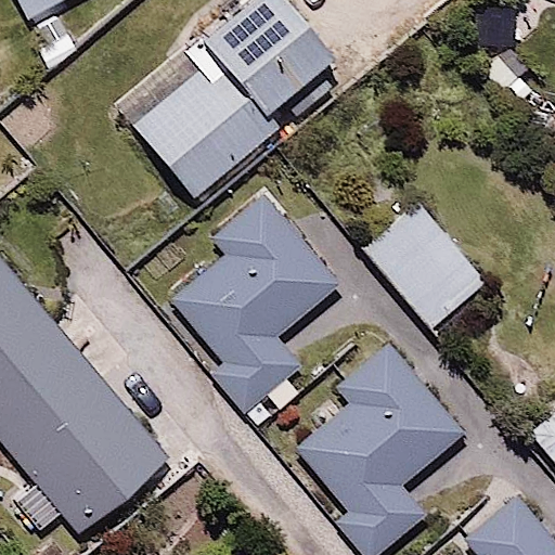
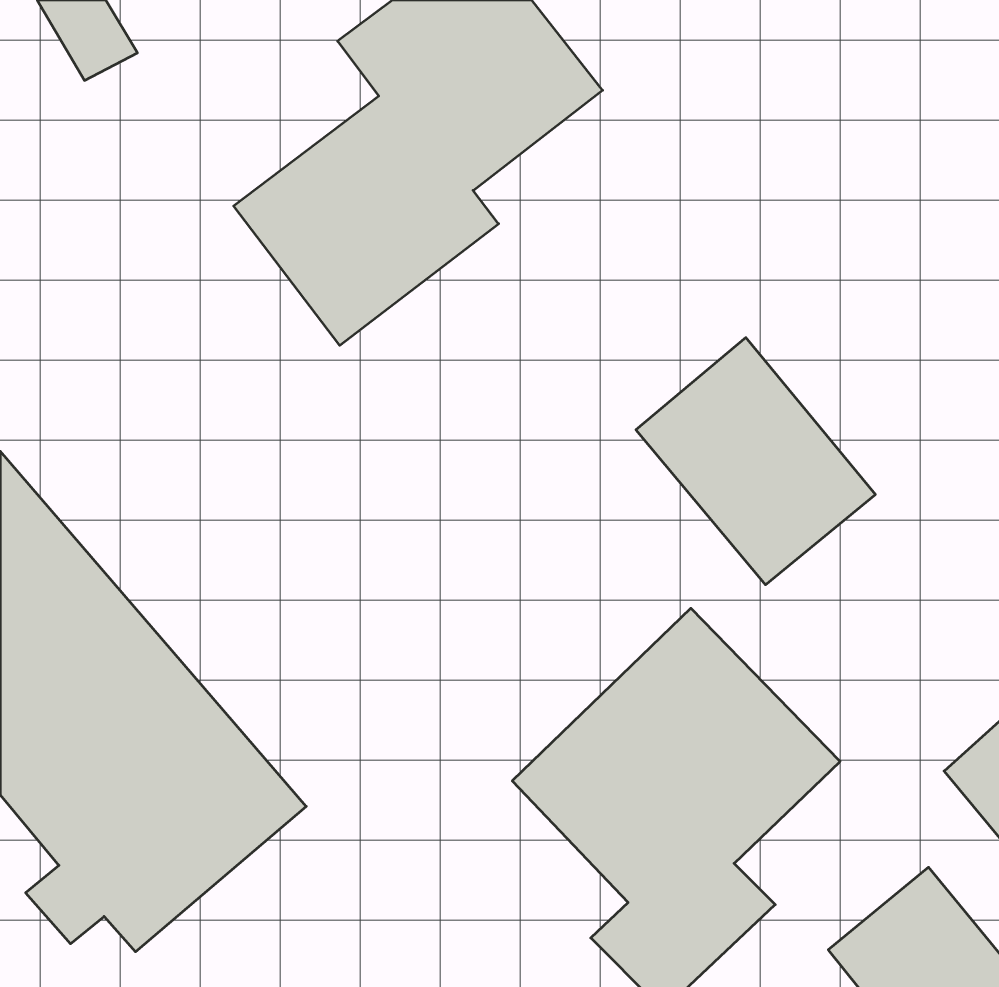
building: [170,194,337,435] -> none

